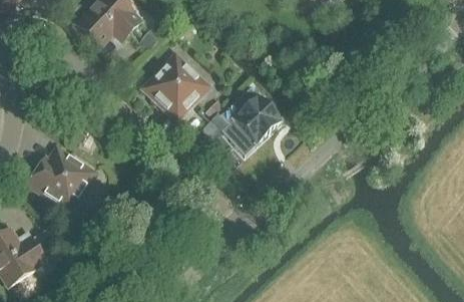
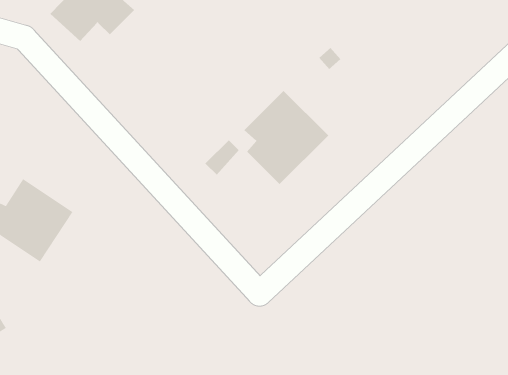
building: [143,55,207,118] -> none

